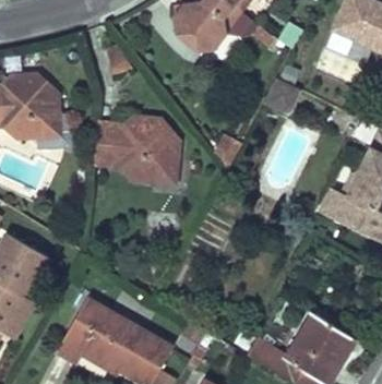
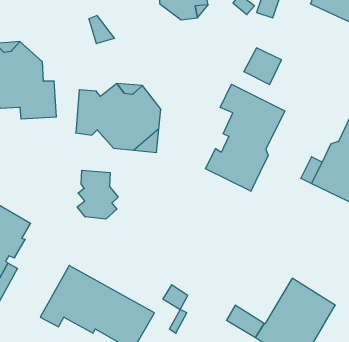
building: none -> [205,84,285,191]
building: none -> [77,170,118,219]

